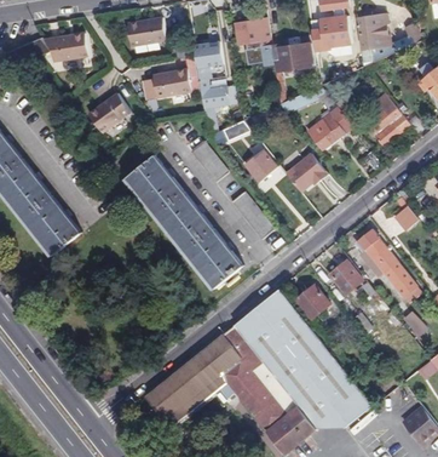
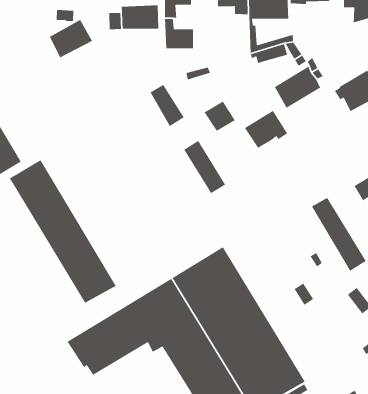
building: [127,155,242,286] -> [9,159,117,304]
building: [329,261,362,293] -> none
building: [296,284,330,318] -> none

